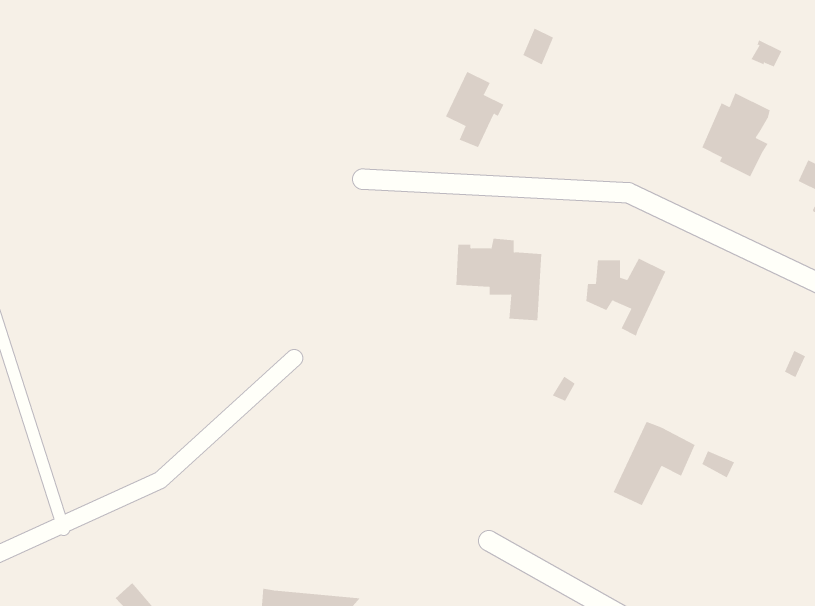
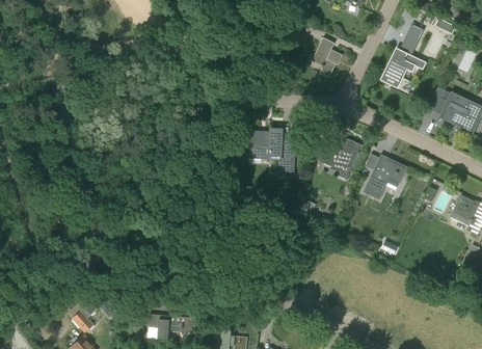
building: [445,71,504,148] -> [312,37,343,78]
building: [613,421,695,506] -> [363,155,406,199]

